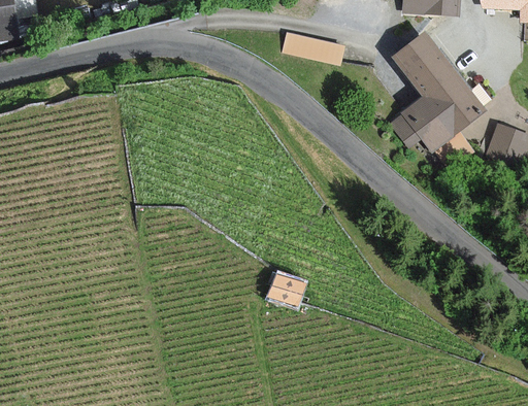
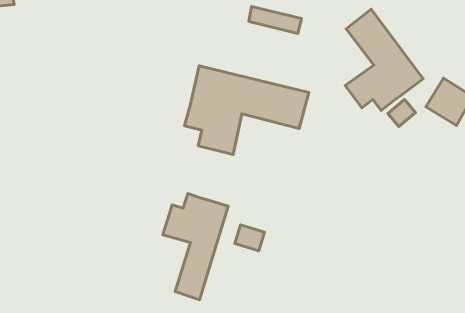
building: none -> [184,66,309,154]
building: none -> [163,193,228,300]

